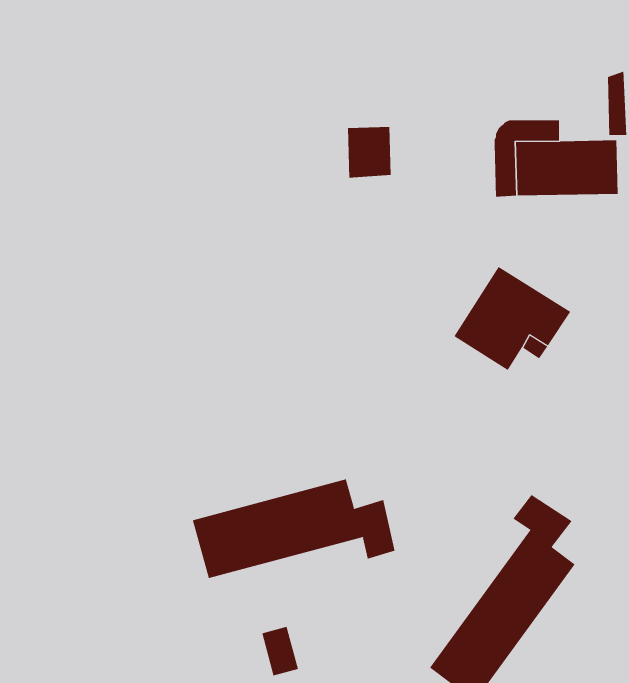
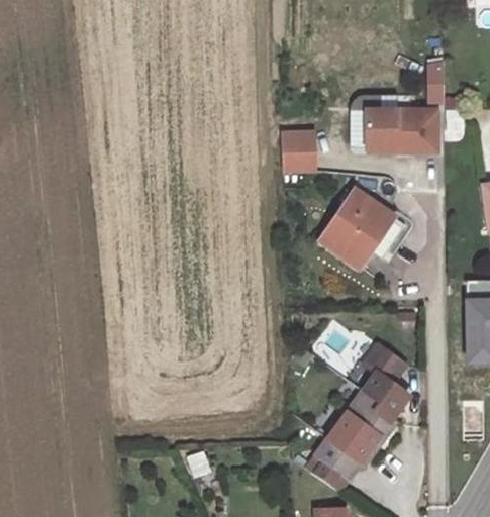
building: [347,126,392,178] -> [281,132,312,169]
building: [192,479,395,579] -> none

